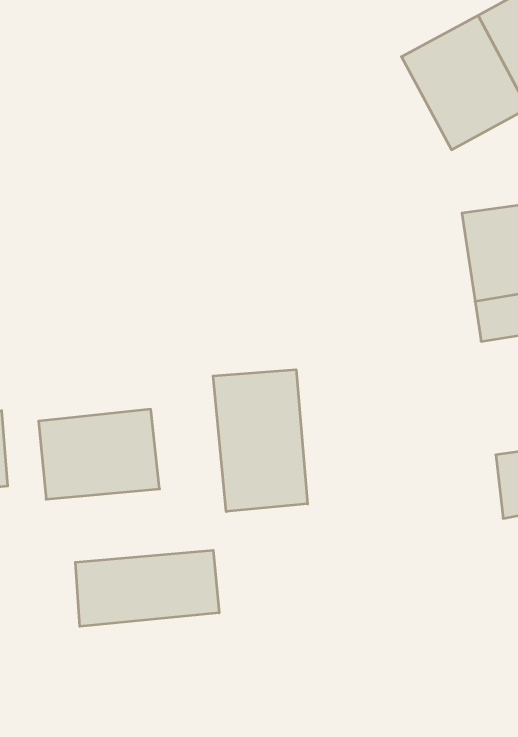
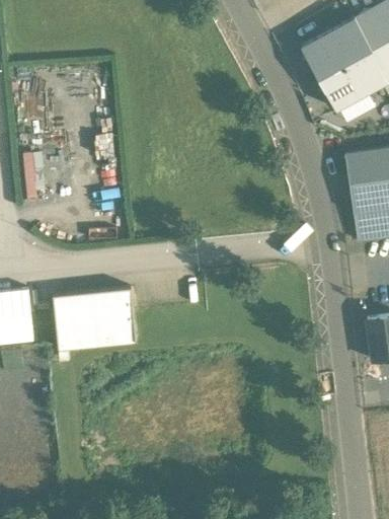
building: [213,370,308,512] -> none
building: [75,550,219,626] -> none

